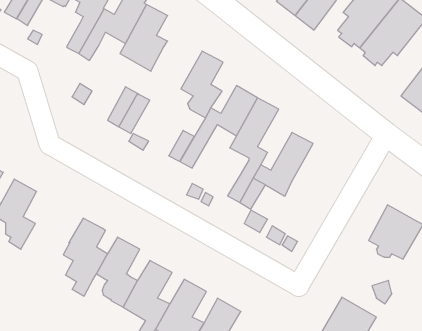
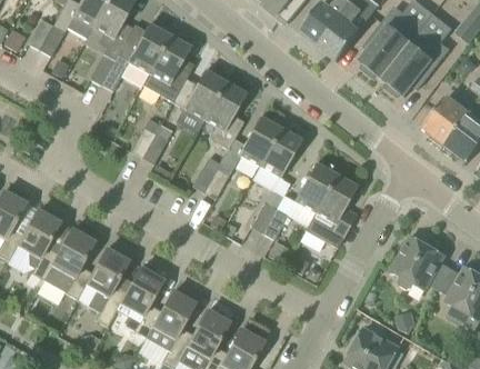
building: none -> [173,69,224,119]
building: none -> [306,173,357,247]
building: none -> [42,229,93,299]

